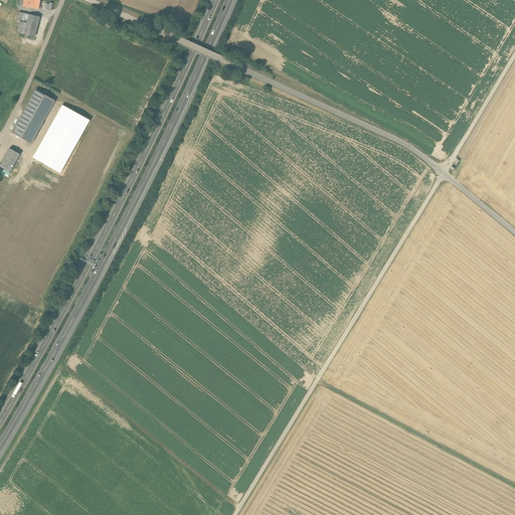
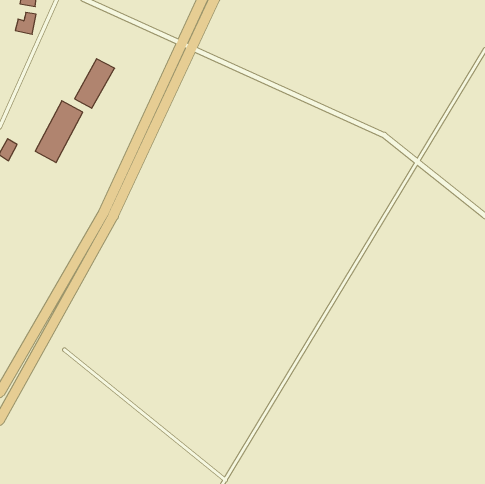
building: [11,89,53,141] -> [75,59,115,108]

